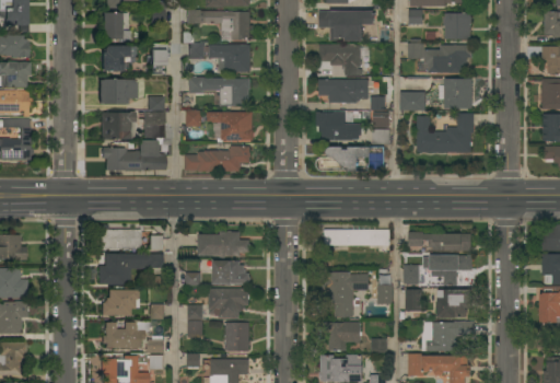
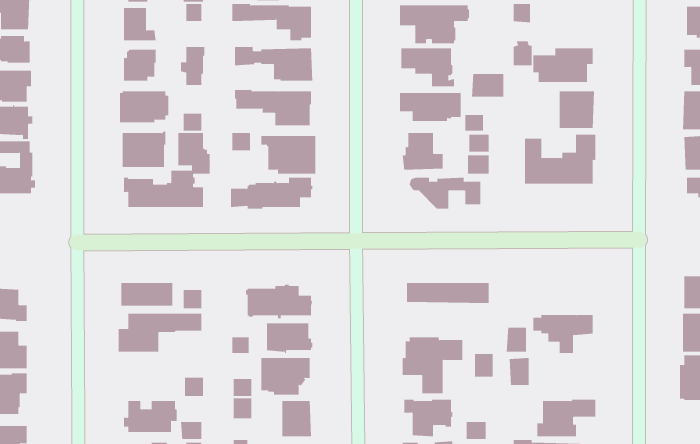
building: [443,13,471,39] -> none
building: [399,92,425,111] -> [471,73,504,97]
building: [408,232,470,251] -> none
building: [436,289,471,318] -> none
building: [100,290,138,315] -> none

